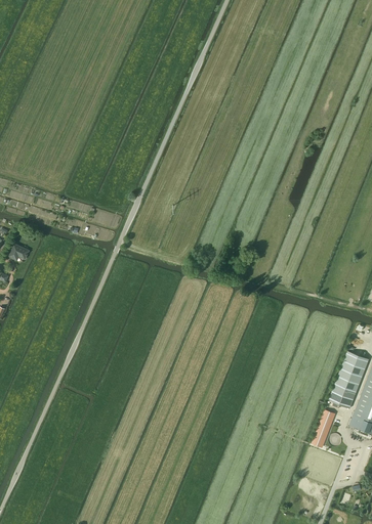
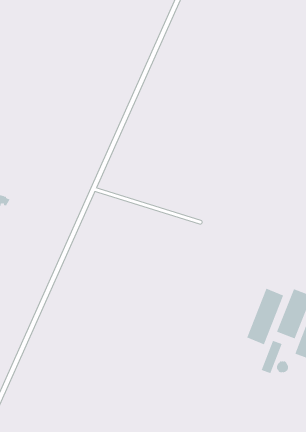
building: none -> [247,288,284,345]

